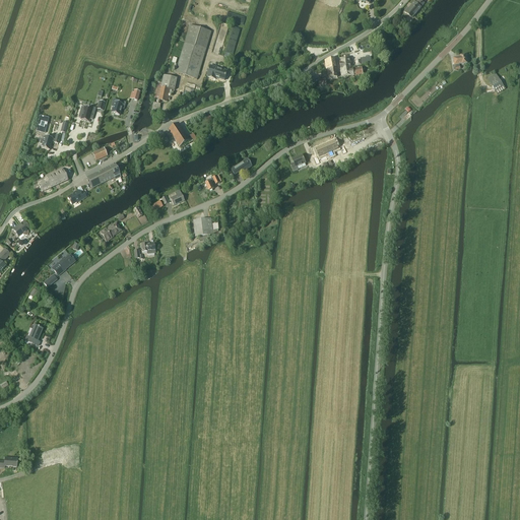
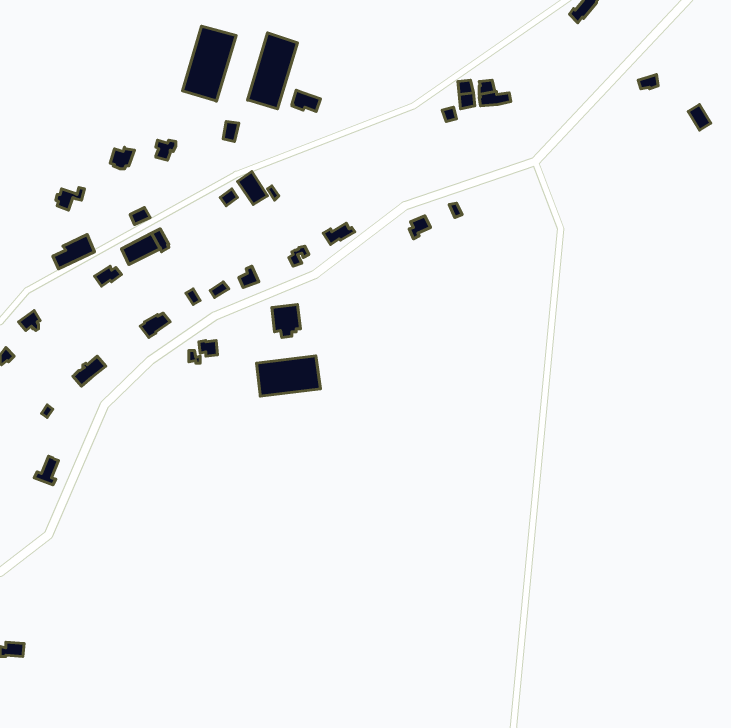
building: none -> [183,26,236,101]
building: none -> [257,356,321,396]

